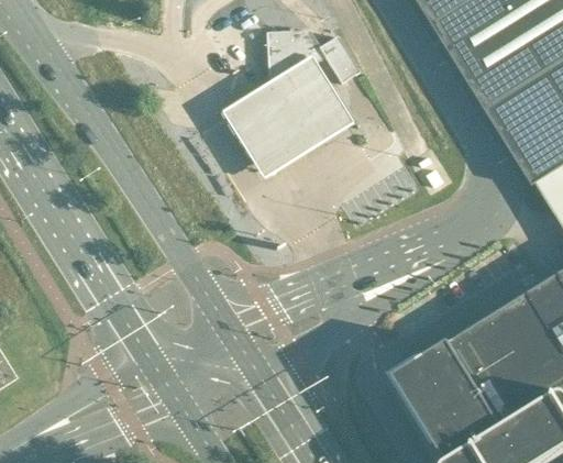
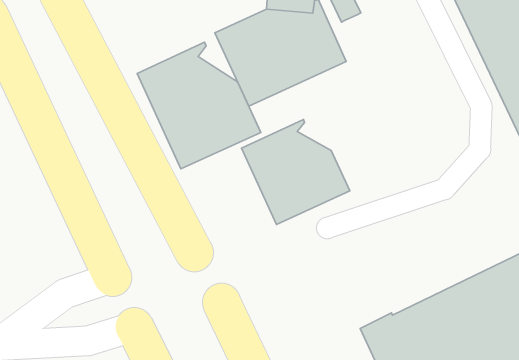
building: none -> [137,42,261,169]
building: none -> [242,119,350,224]

